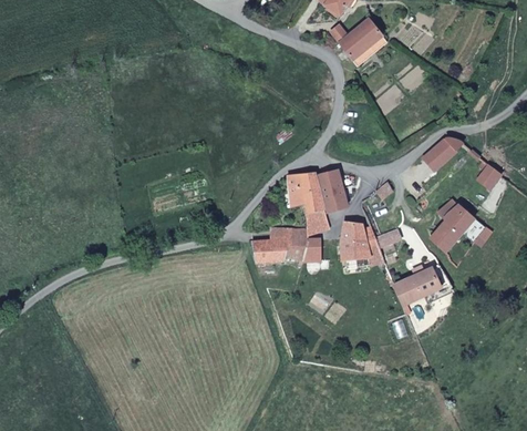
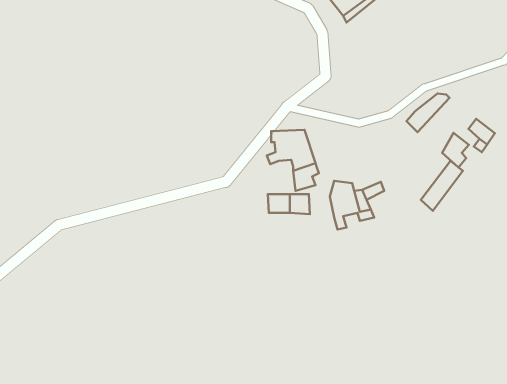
building: [316,167,350,211] -> none
building: none -> [442,133,469,167]
building: [248,238,280,261] -> none
building: [394,265,453,304] -> none

